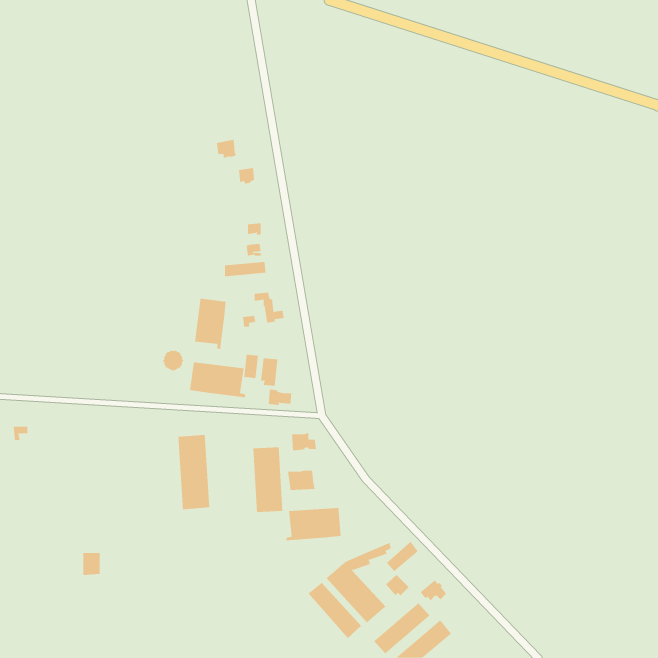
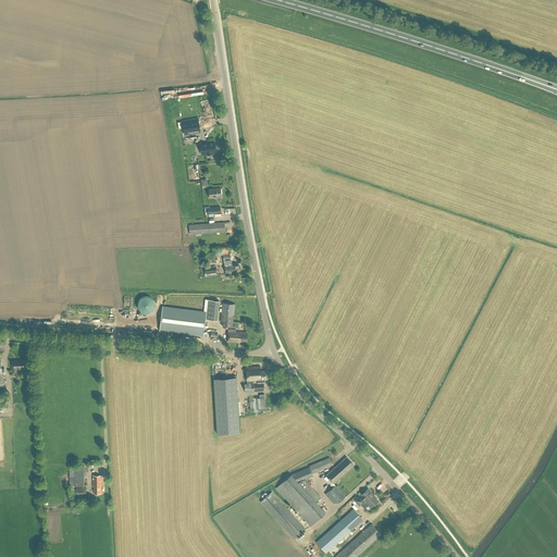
building: [194,298,226,350] -> none
building: [178,434,210,510] -> none
building: [286,507,341,541] -> none

